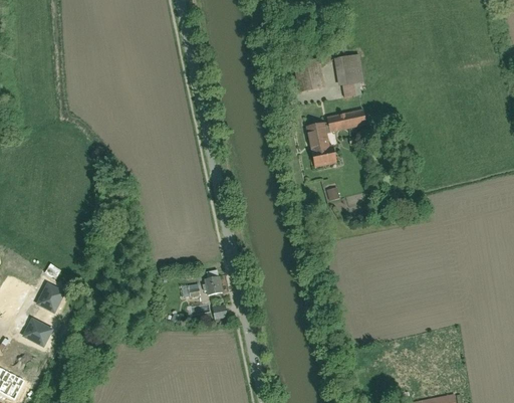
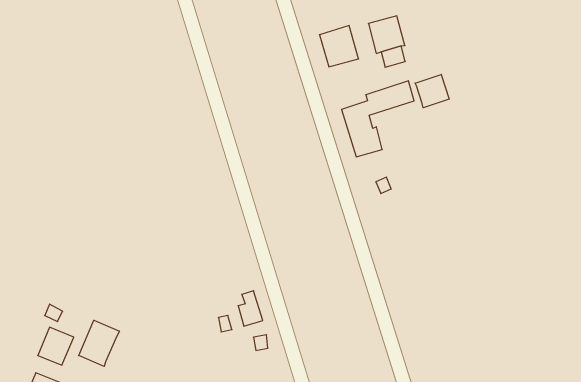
building: none -> [415,74,449,108]
building: none -> [79,320,119,366]

